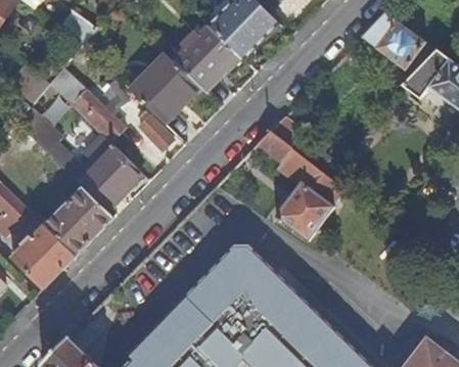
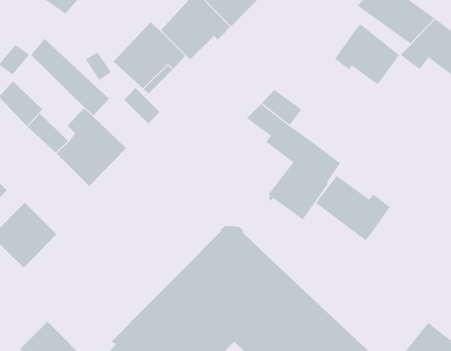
building: none -> [334,24,400,85]
building: [44,181,112,255] -> none
building: none -> [315,175,390,241]

